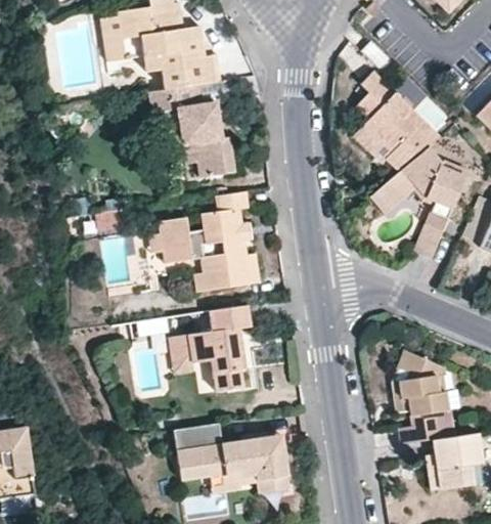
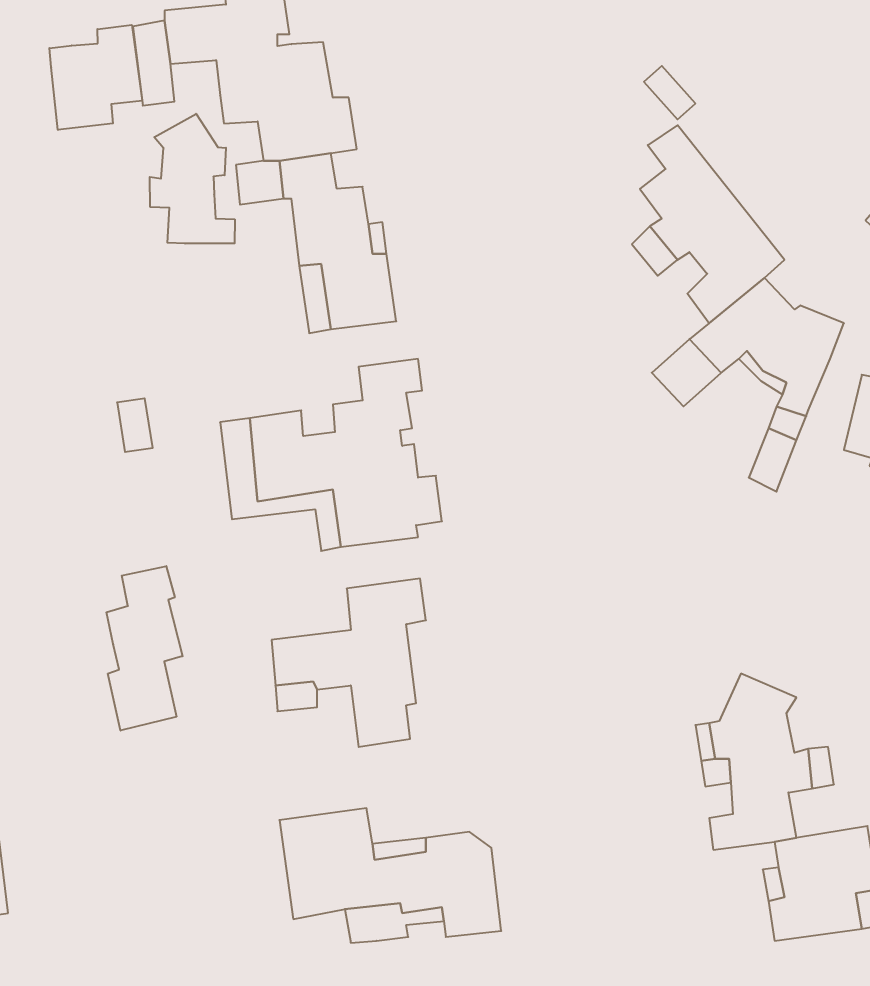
building: none -> [49,25,142,130]
building: none -> [150,114,235,244]
building: none -> [106,566,183,731]

